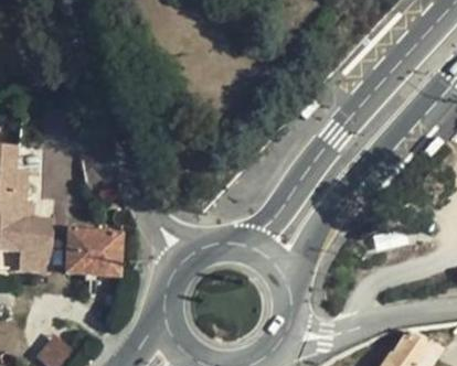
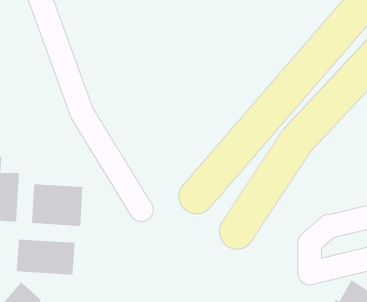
building: none -> [16,239,75,275]

